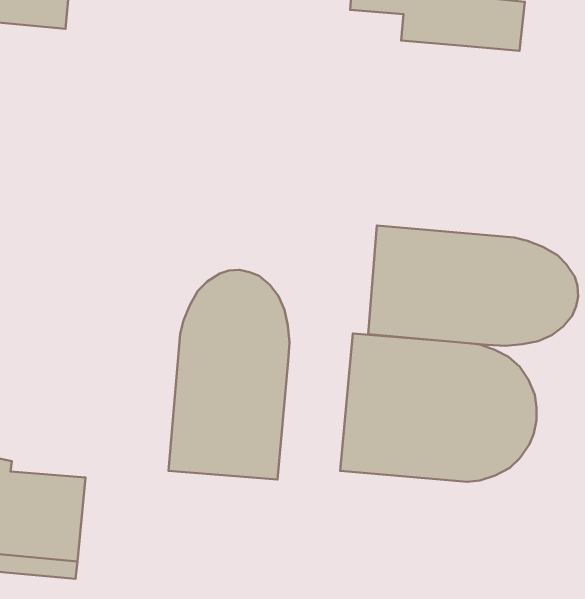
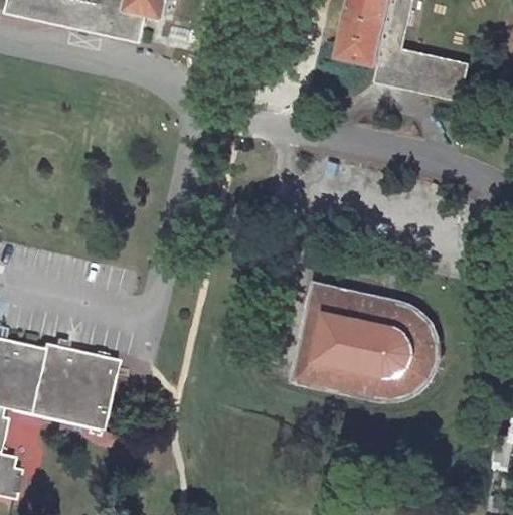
building: [368,226,578,346] -> none
building: [168,270,289,479] -> none

